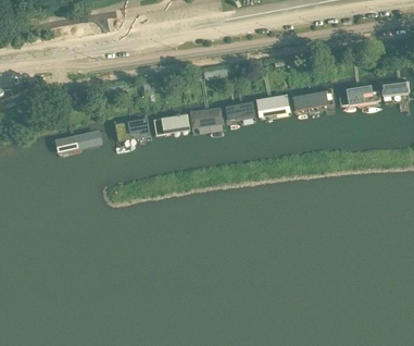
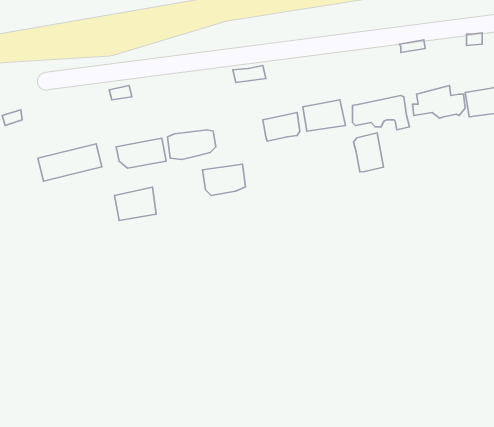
building: [190,108,223,132] -> [203,164,245,196]
building: none -> [354,133,384,172]
building: none -> [114,187,156,221]

